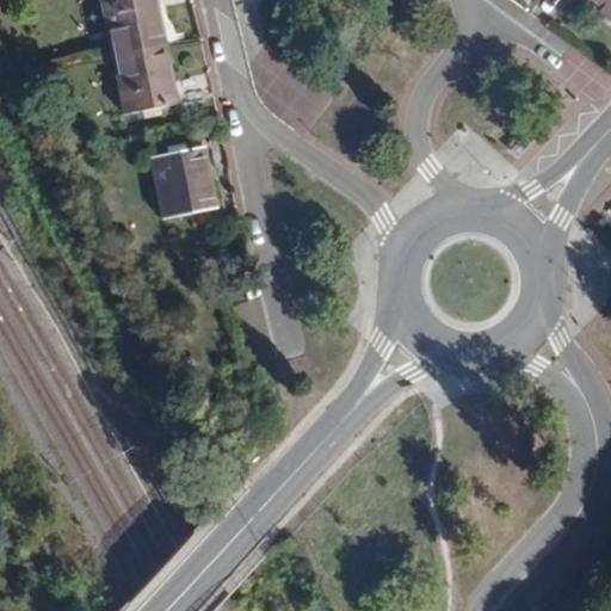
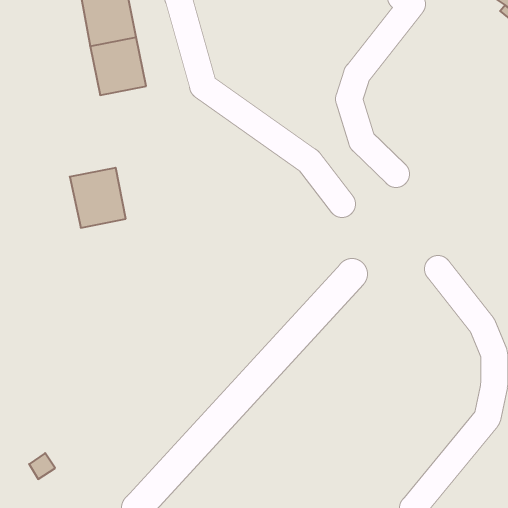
building: [150,146,217,217] -> [70,168,126,228]

